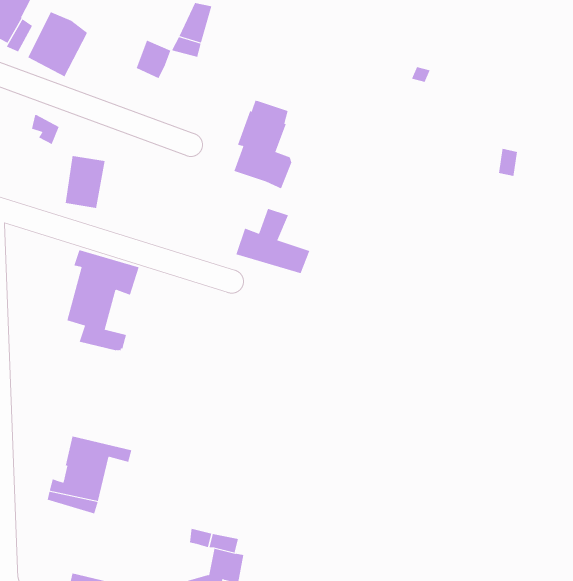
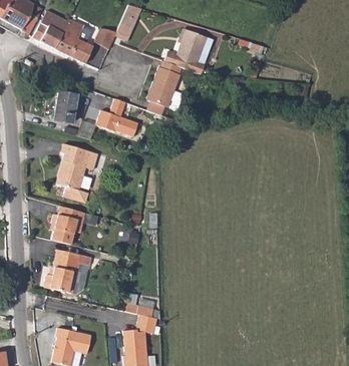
building: none -> [54,19,92,62]
building: none -> [162,29,214,73]
building: [235,208,310,274] -> [98,98,140,135]
building: none -> [50,207,84,244]

